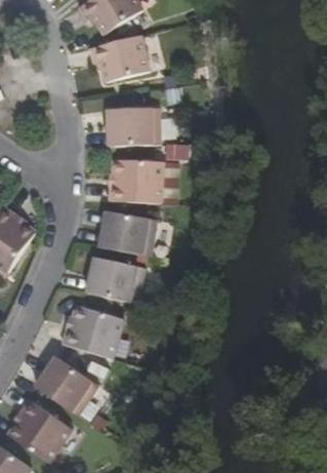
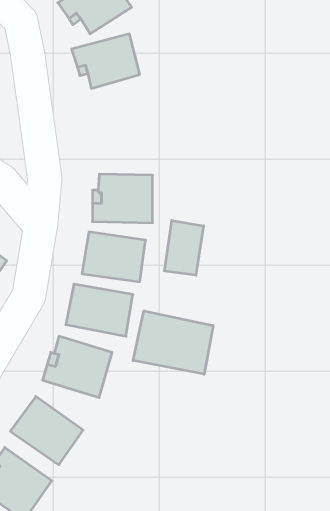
building: [107,107,160,145] -> none
building: none -> [165,220,204,275]
building: none -> [133,311,213,374]

